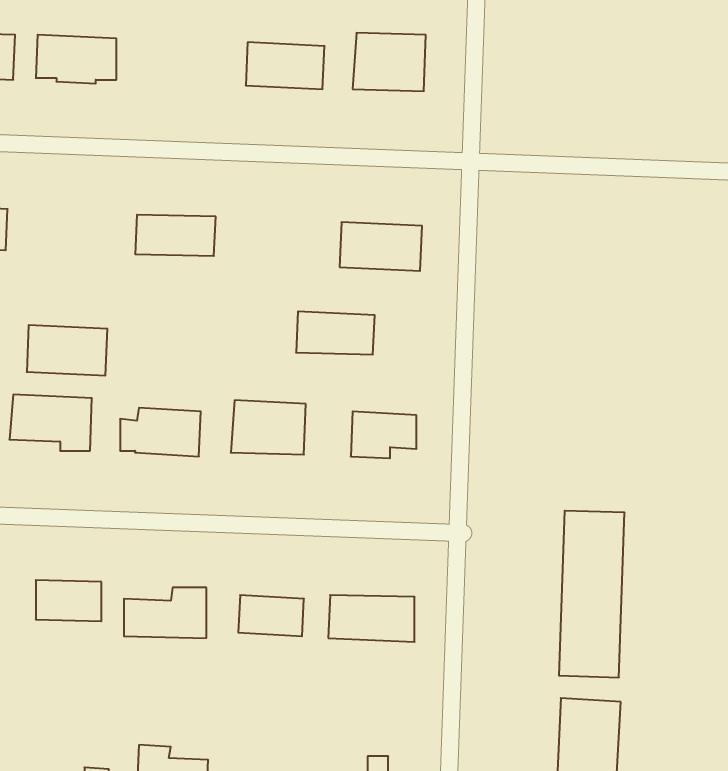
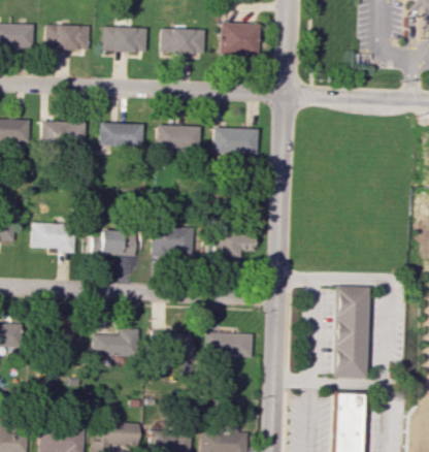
building: none -> [103,27,146,53]
building: [296,311,375,354] -> [157,124,200,148]
building: [27,325,107,376] -> [41,121,86,149]

